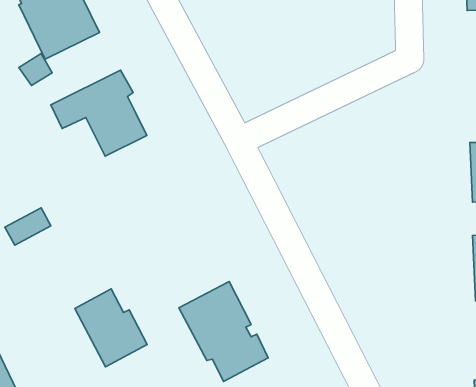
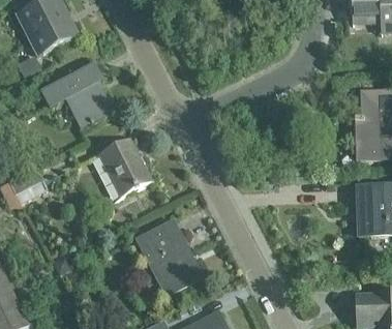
building: [75,289,147,367] -> [100,140,154,198]

